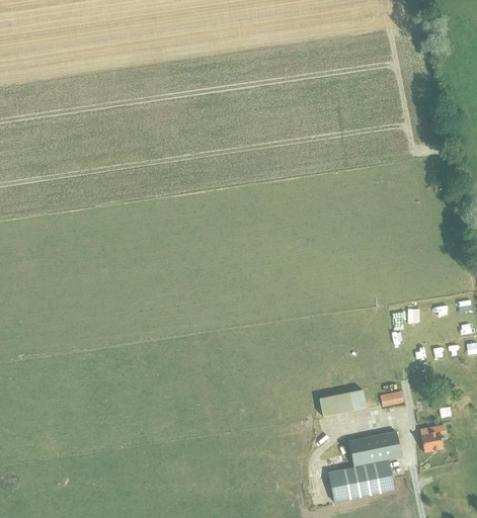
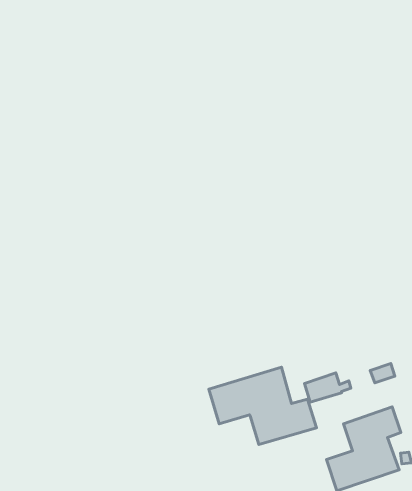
building: none -> [209,367,316,445]

